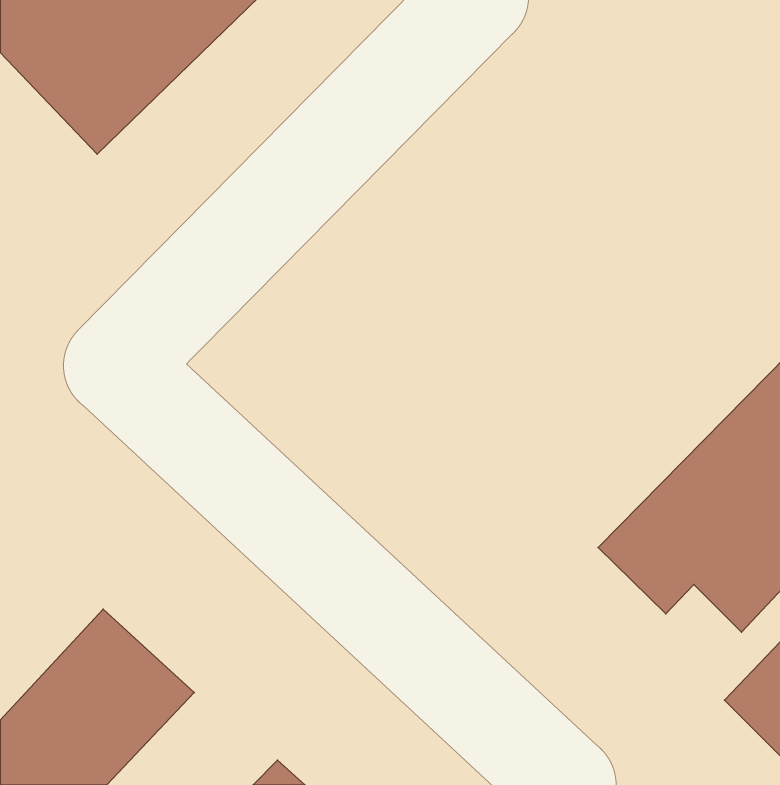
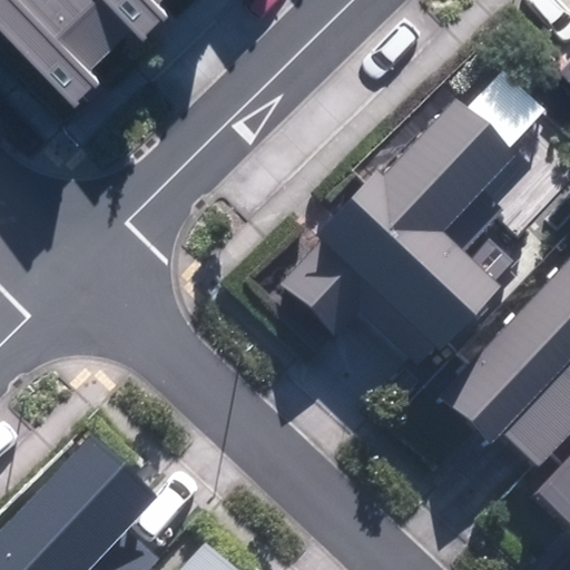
building: none -> [314,107,509,356]

